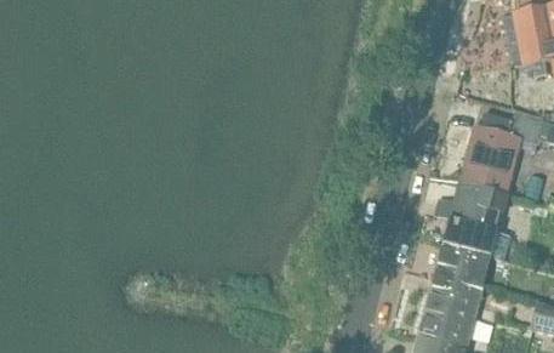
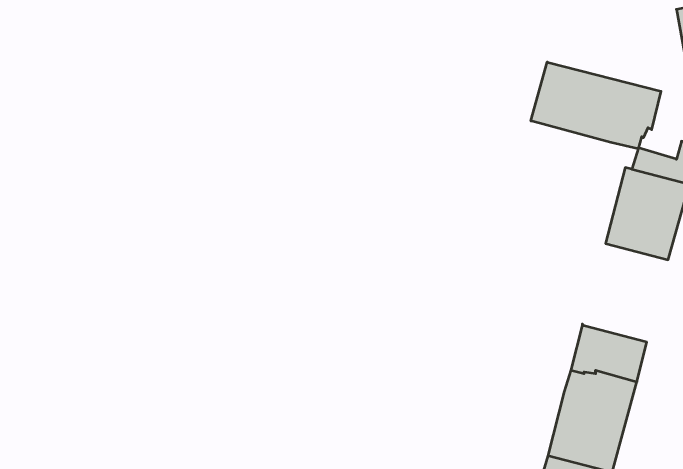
building: none -> [531,62,661,149]
building: [444,183,506,256] -> none

